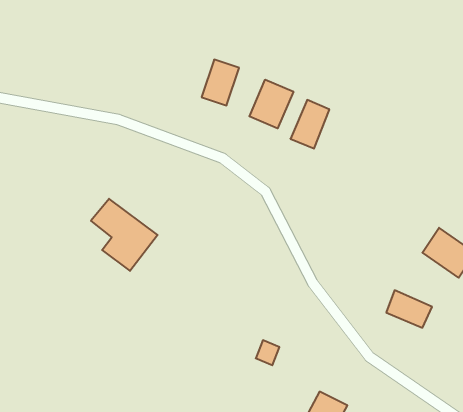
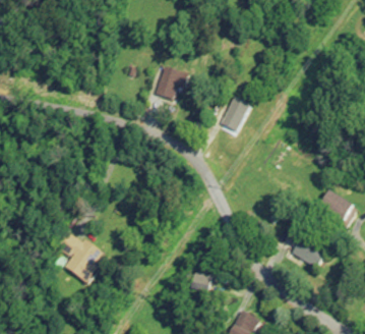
building: [249,80,293,128] -> none
building: [91,199,158,271] -> [56,228,105,281]

